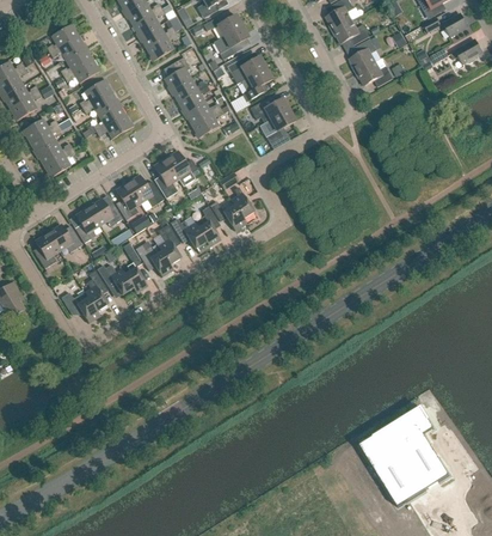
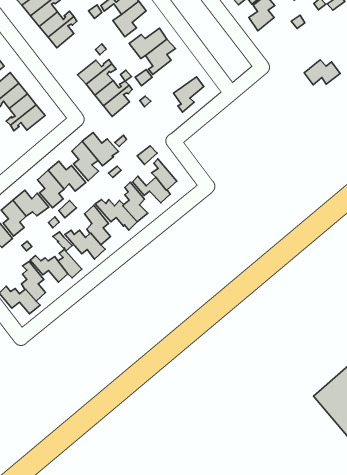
building: [164,56,191,90] -> none
building: [357,61,393,86] -> [304,60,340,85]
building: [251,97,289,122] -> none

